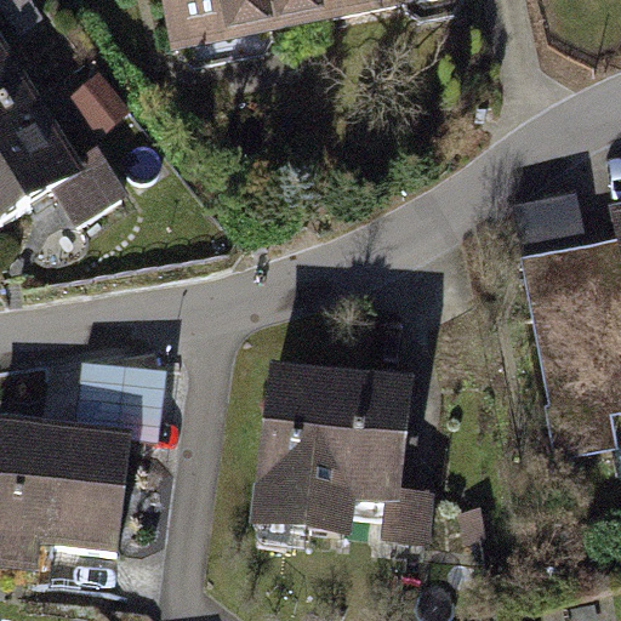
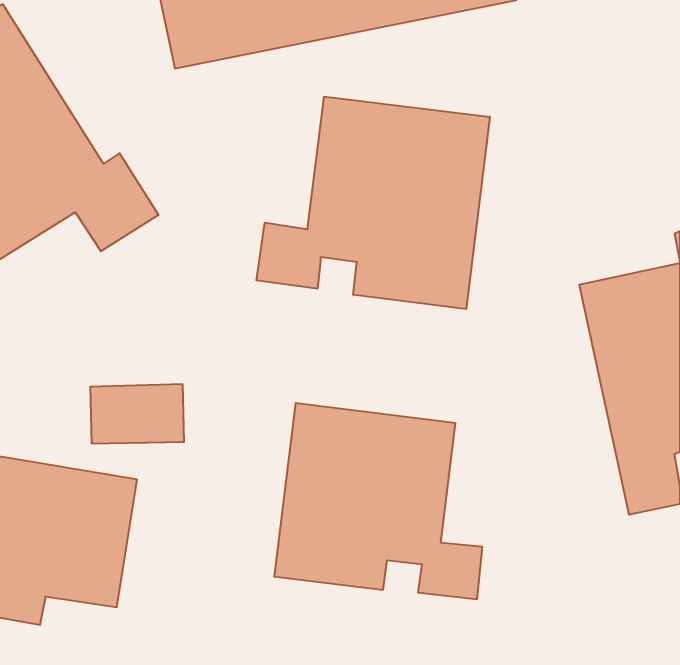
building: none -> [256,97,490,309]

